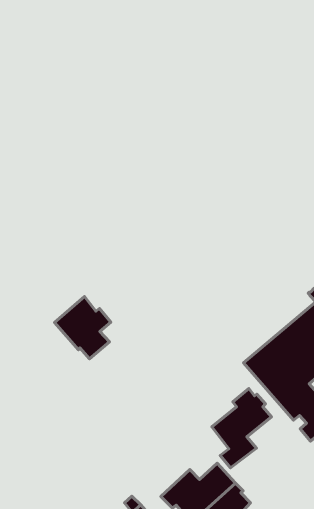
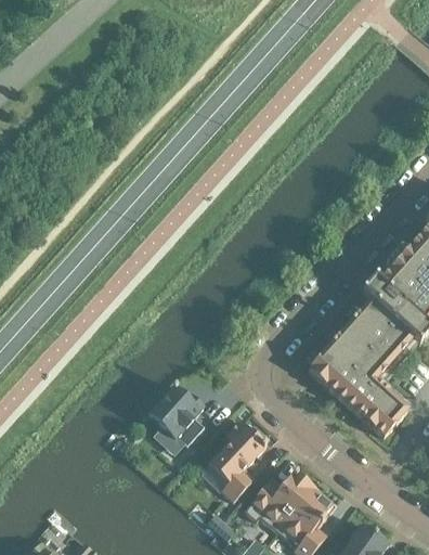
building: [55,297,111,359] -> [147,386,204,447]
building: [212,389,272,468] -> [208,422,265,502]

